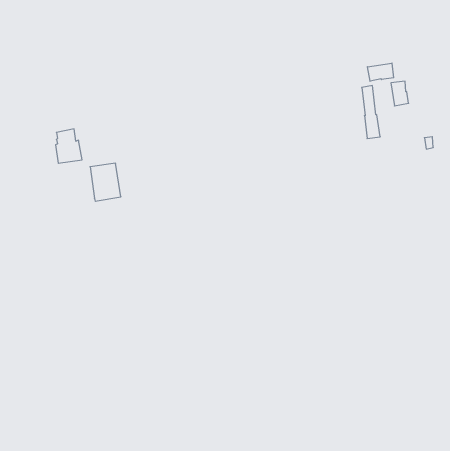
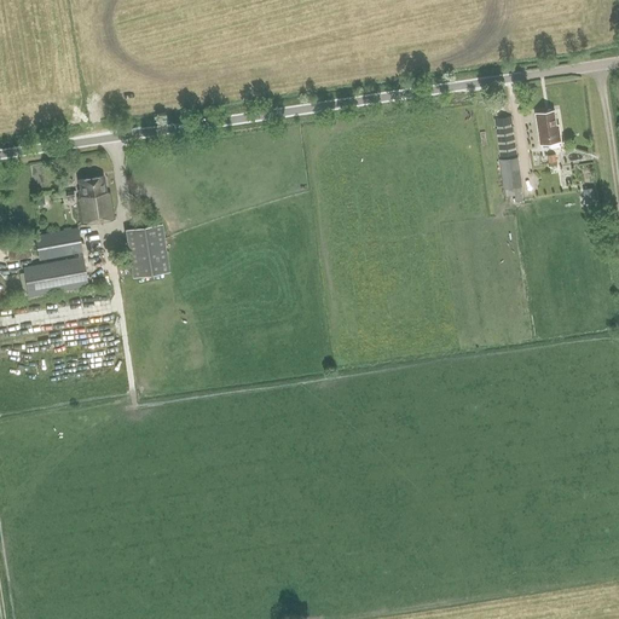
building: [367,63,394,81] -> none
building: none -> [23,227,87,296]

